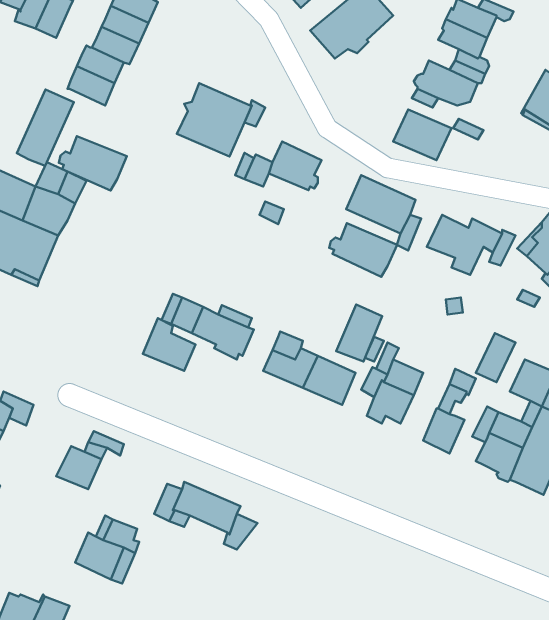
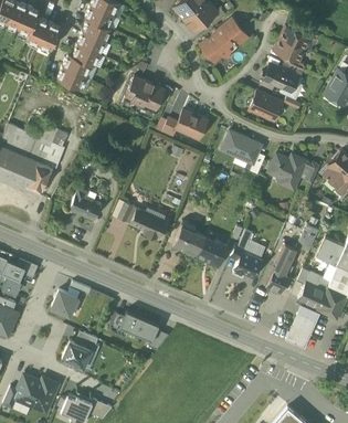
building: [17,89,74,166] -> none
building: [59,136,127,191] -> none
building: [329,223,397,277] -> none
building: [336,304,382,361] -> none
building: [143,318,196,371] -> [70,188,101,219]
building: none -> [287,300,320,346]

